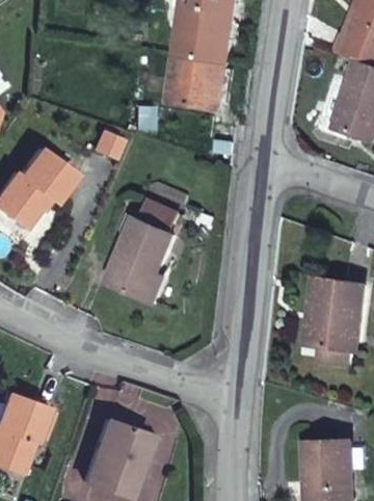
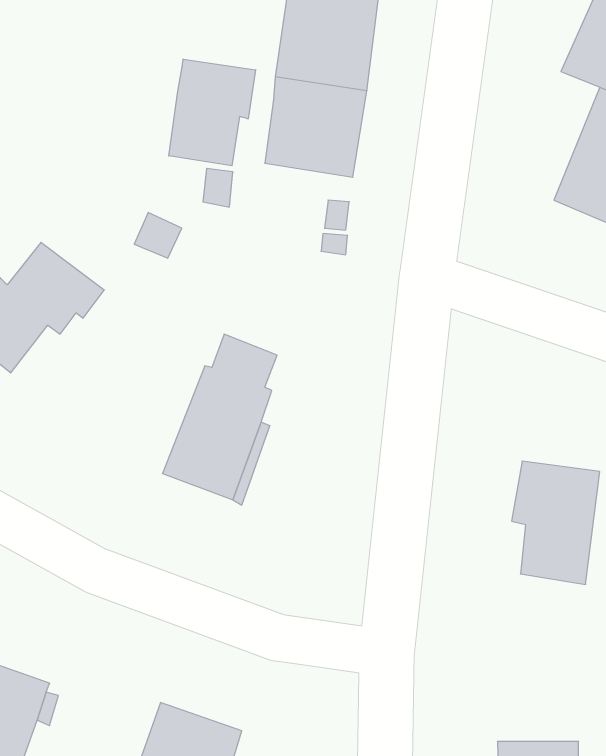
building: none -> [169,59,256,166]

